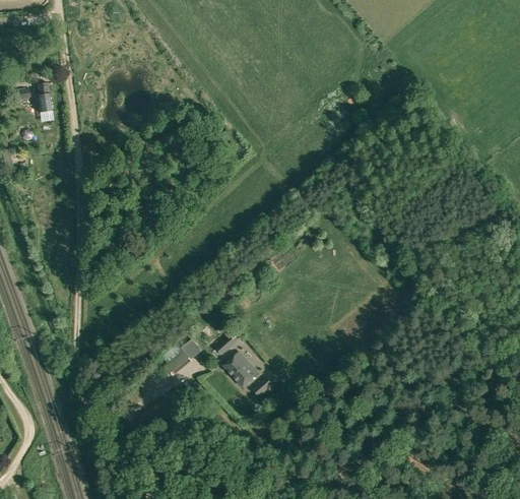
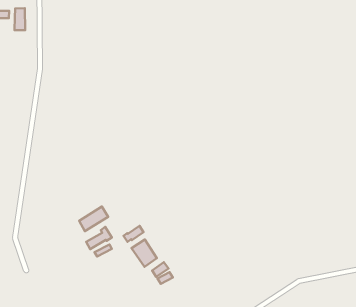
building: none -> [79,207,108,231]

